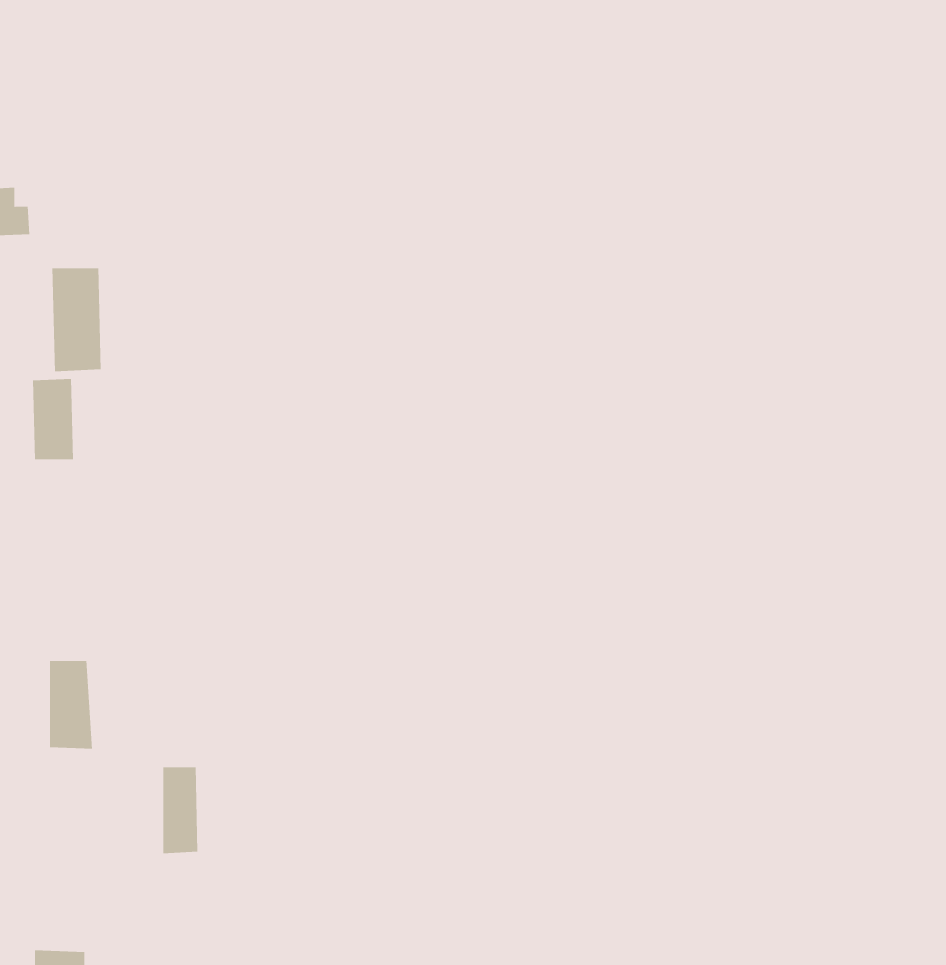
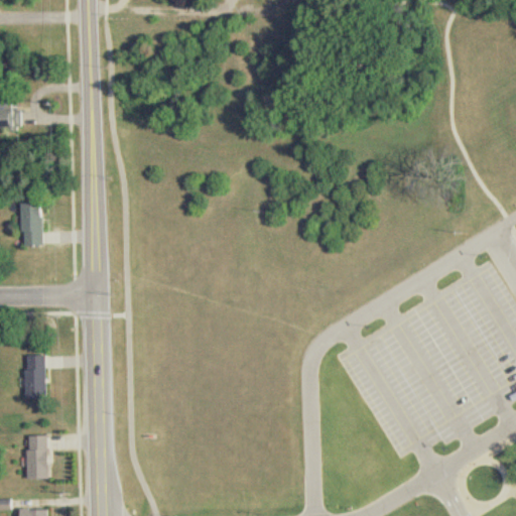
building: [52,267,101,372] -> none
building: [162,767,198,854] -> [29,436,48,483]

